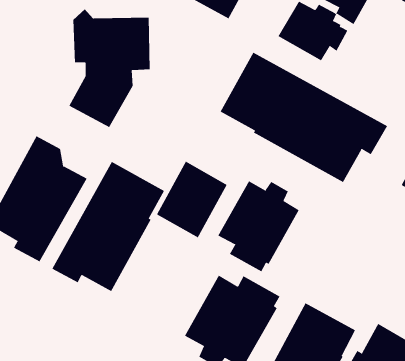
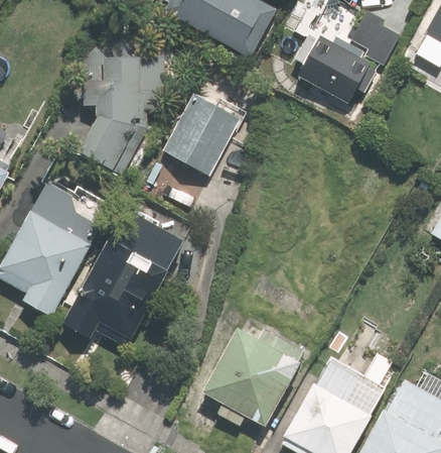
building: [220,52,388,183] -> none
building: [156,161,228,238] -> [163,93,239,175]
building: [218,180,299,272] -> none

